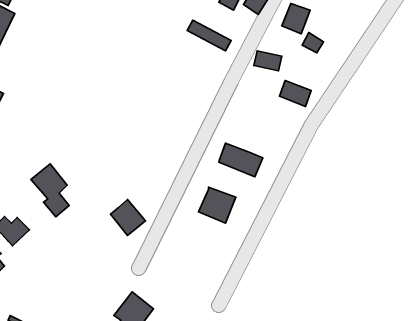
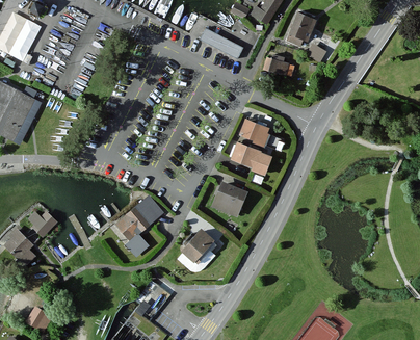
building: [280,81,311,106] -> [240,120,269,143]
building: [31,164,69,217] -> [113,208,149,257]
building: none -> [180,228,215,265]

